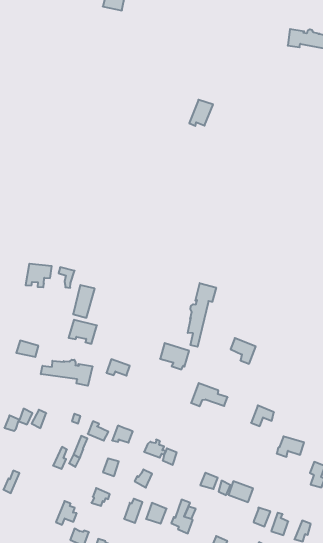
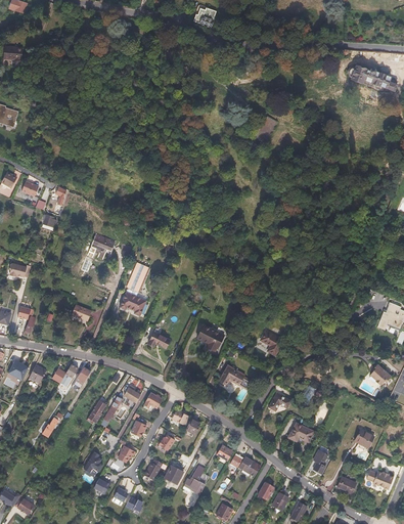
building: [188,283,216,347] -> none
building: [41,360,92,386] -> none

